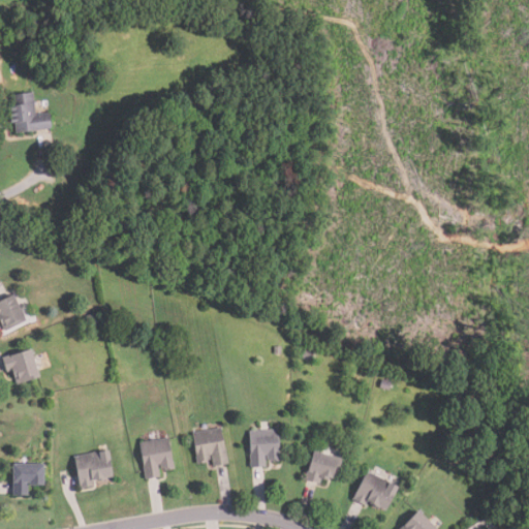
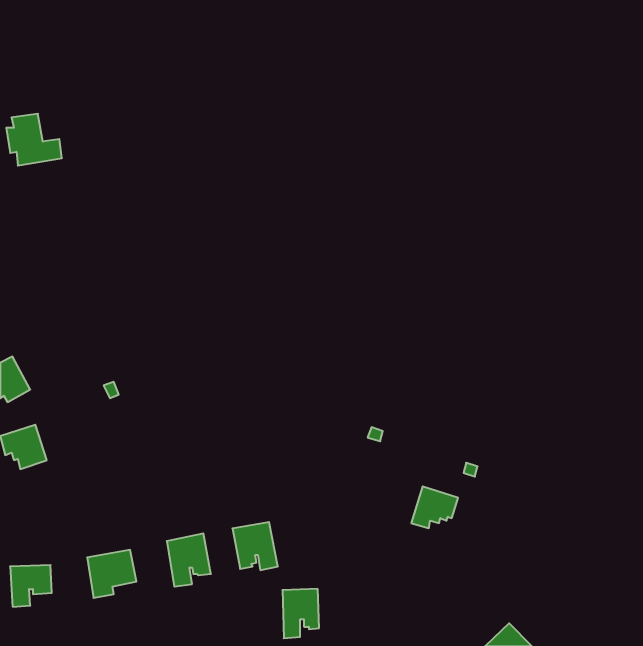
building: [250,429,280,469] -> [282,589,319,638]
building: [305,449,343,484] -> [411,486,458,528]
building: [353,470,399,510] -> none

